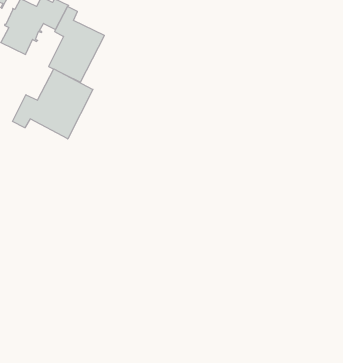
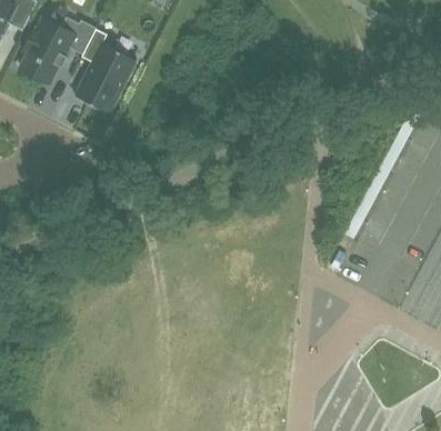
building: [13,69,93,139] -> none

